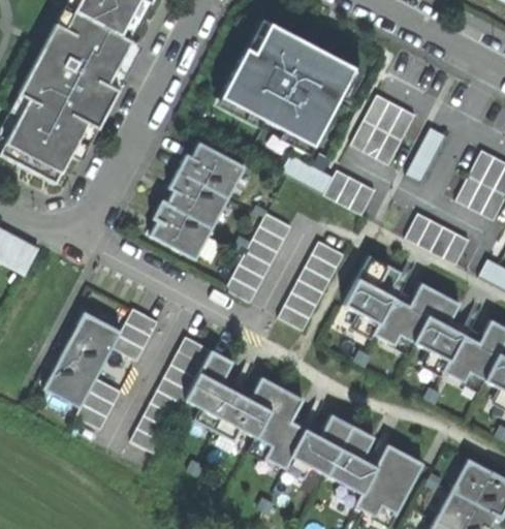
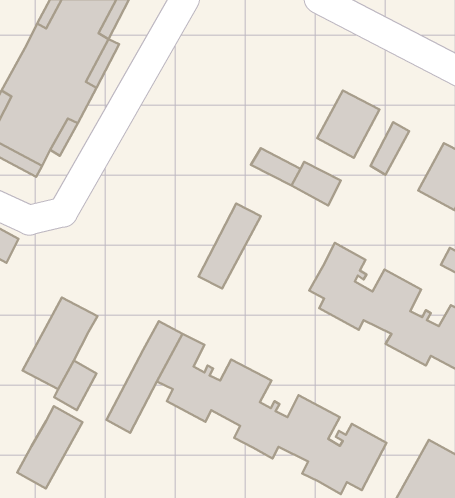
building: [221,22,355,145] -> none
building: [145,141,243,259] -> none
building: [406,213,470,264] -> none
building: [279,242,344,331] -> none
building: [113,308,159,361] -> none
building: none -> [17,406,82,489]

